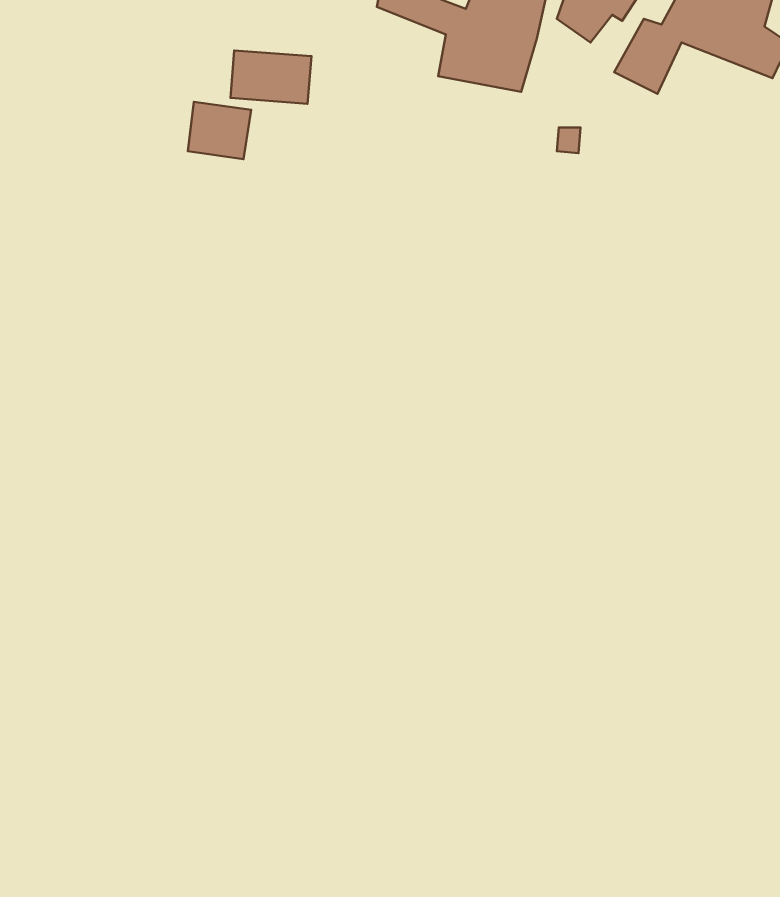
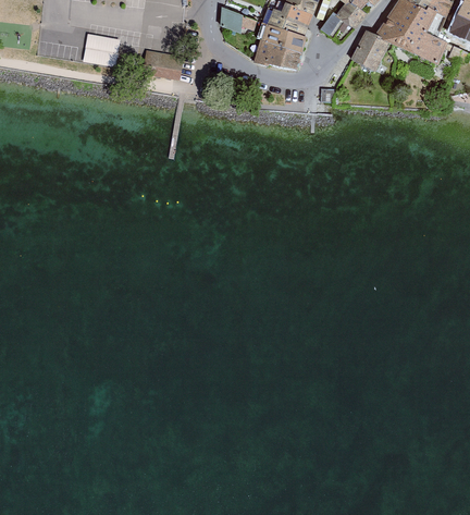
building: [188,102,251,159] -> [82,33,116,64]

